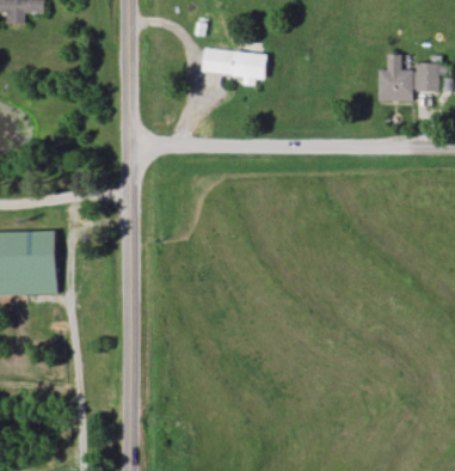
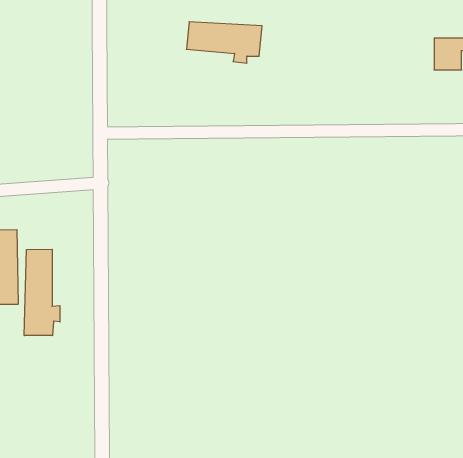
building: [379,54,413,100] -> none
building: none -> [24,249,60,336]

